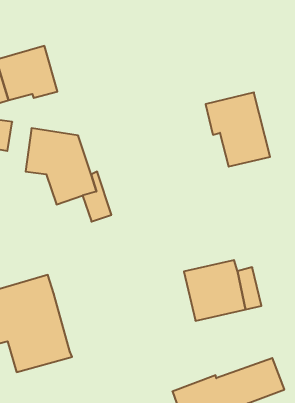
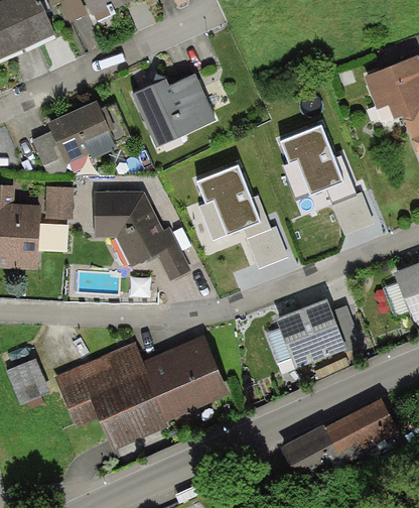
building: none -> [132,74,216,147]
building: none -> [190,160,266,245]
building: none -> [141,336,229,420]

